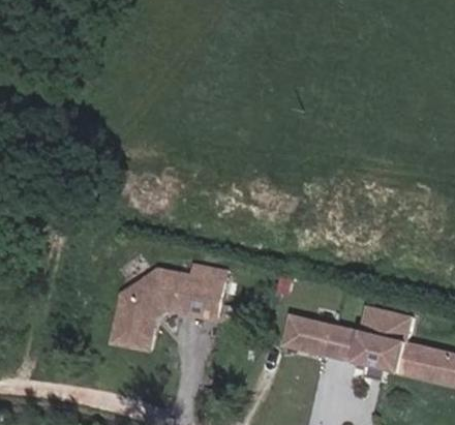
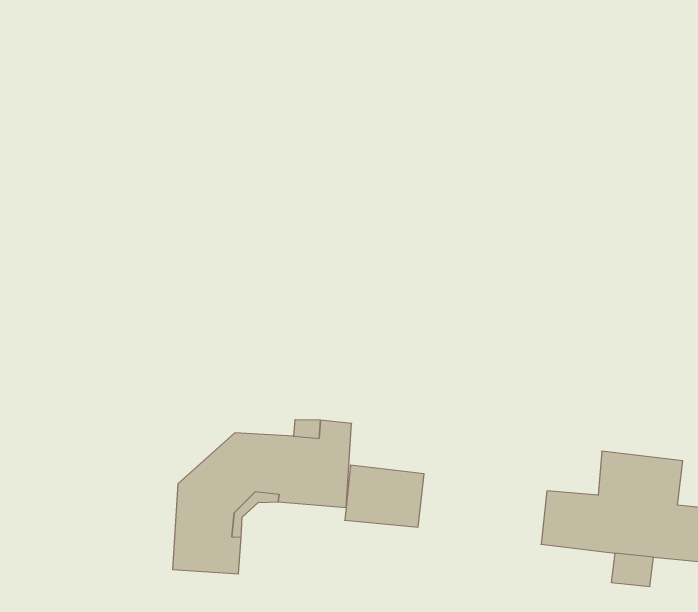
building: [283,313,332,354] -> [345,465,424,527]

